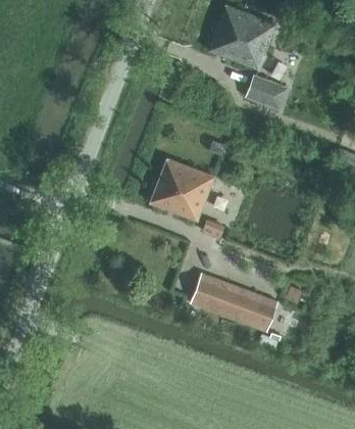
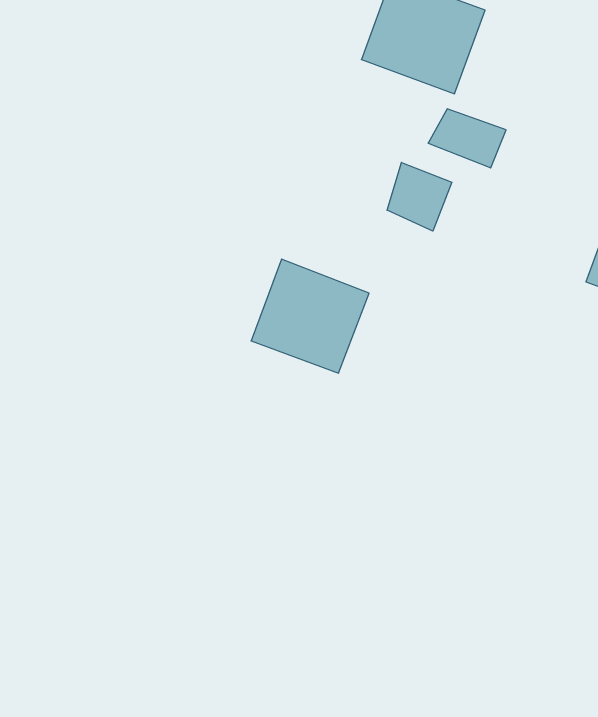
building: none -> [387,162,452,231]
building: [191,273,278,331] -> none

